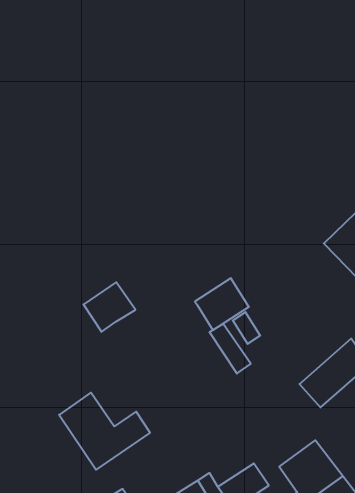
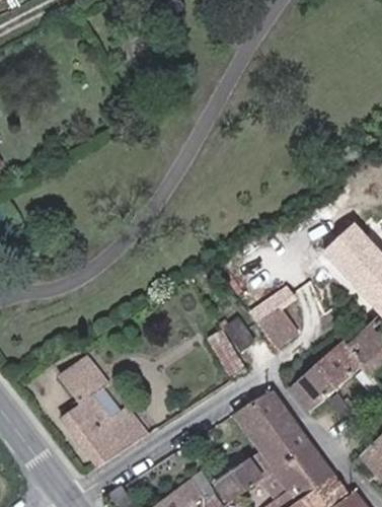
building: [195,278,249,330] -> [257,296,309,346]
building: [83,282,135,332] -> [61,356,110,404]
building: none -> [238,391,307,464]

